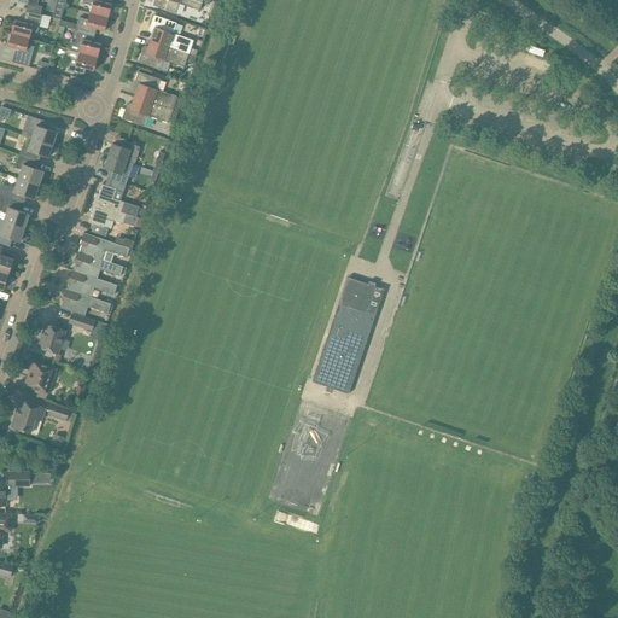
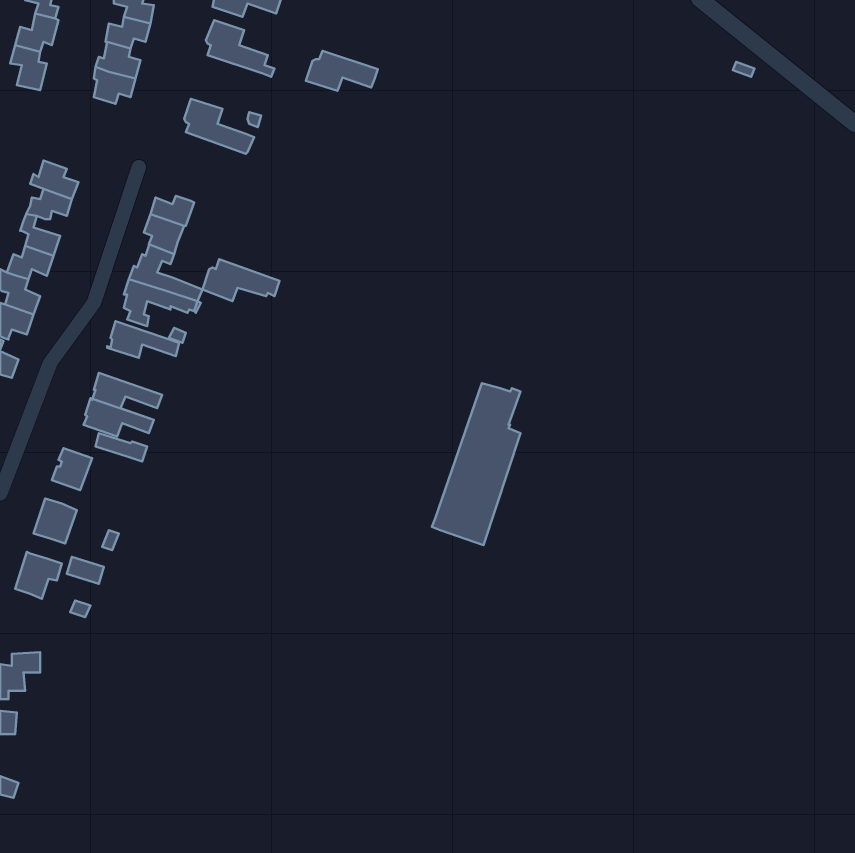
building: [138,40,190,69] -> [306,51,378,91]
building: [122,95,177,126] -> [202,259,279,301]
building: [71,251,123,285] -> none

